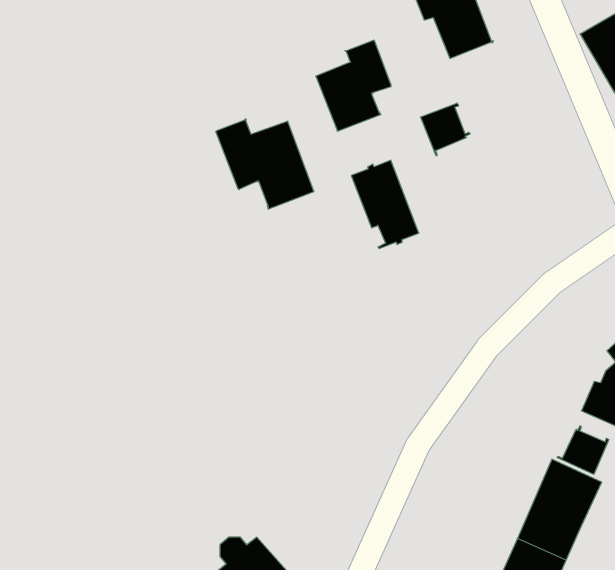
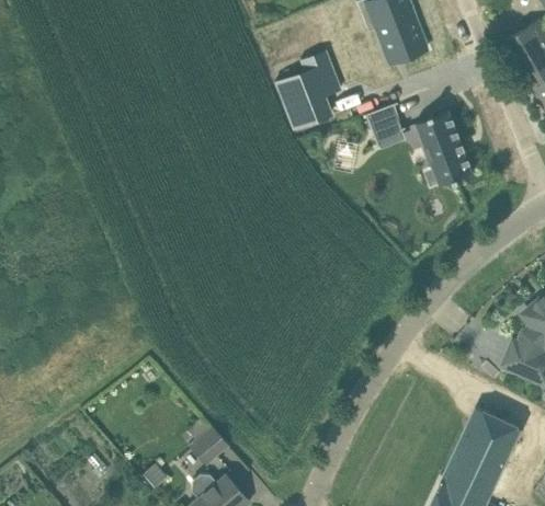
building: [216,119,314,209] -> none
building: [351,160,419,248] -> [416,111,474,186]
building: [558,426,609,474] -> none
building: none -> [189,428,228,467]

